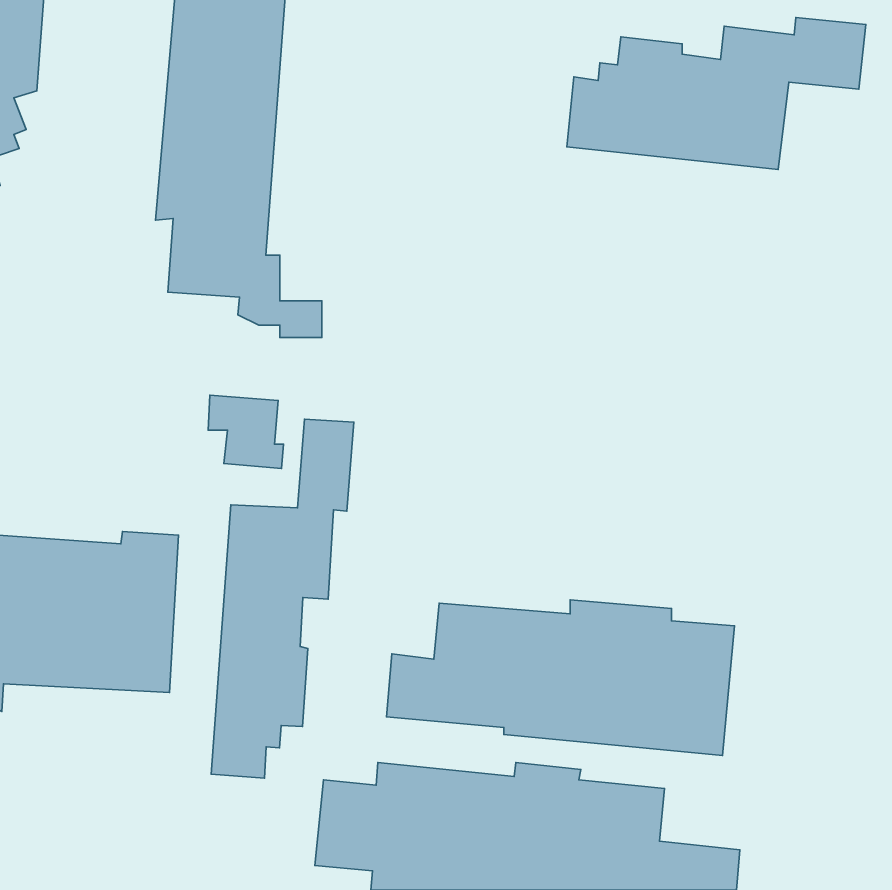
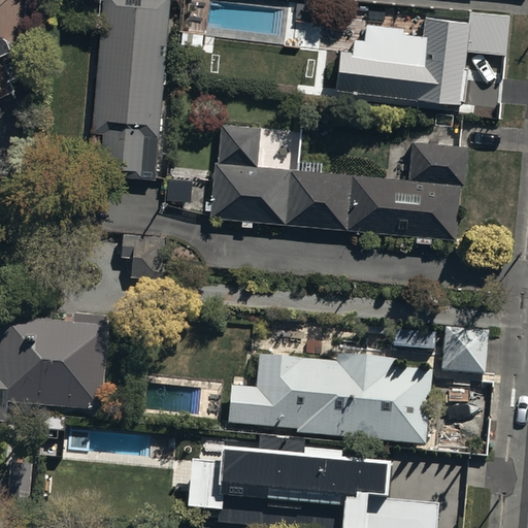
building: none -> [212,123,466,241]
building: [211,419,354,778] -> none
building: none -> [440,327,489,374]

